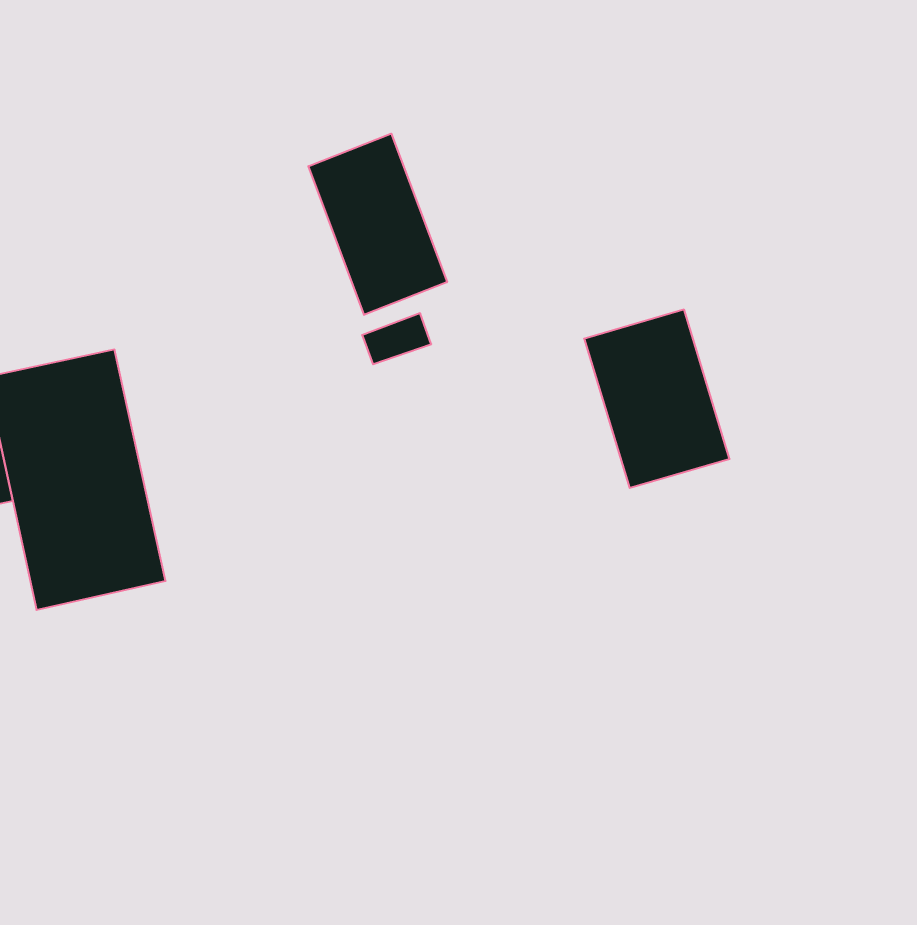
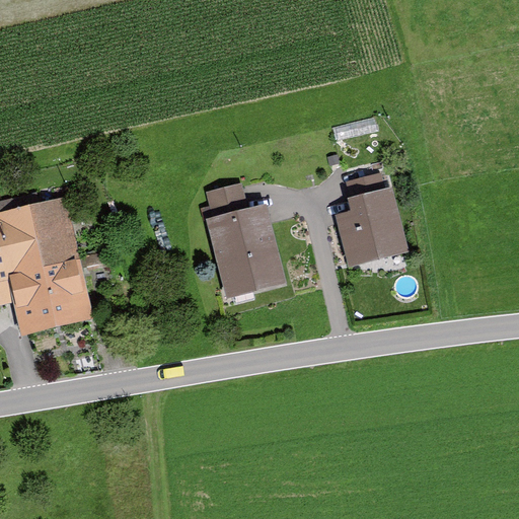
building: [308,134,447,315] -> none
building: none -> [206,201,288,297]

